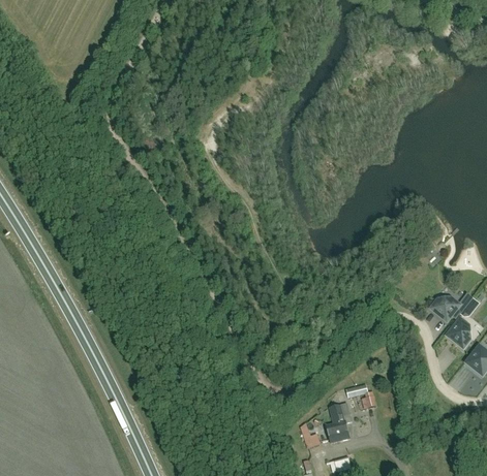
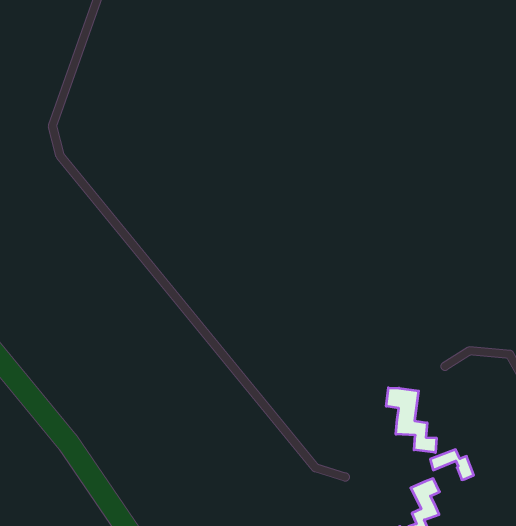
building: none -> [386,388,436,453]

